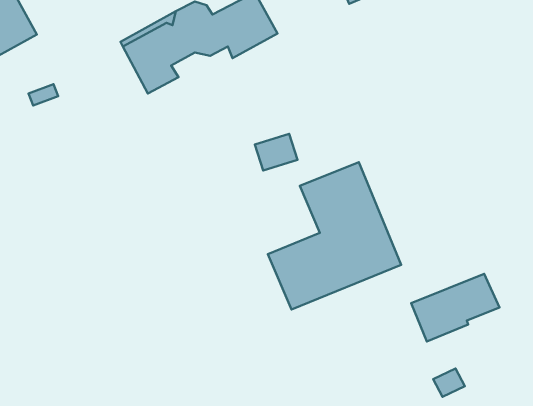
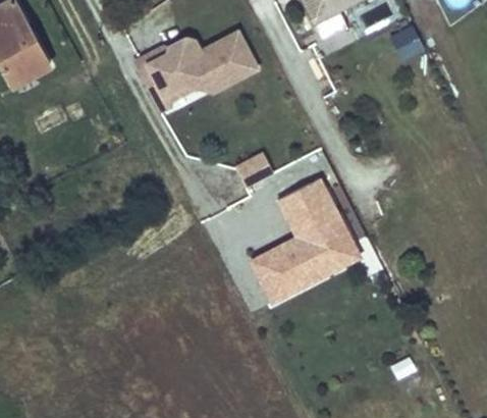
building: [411,274,499,342] -> none

